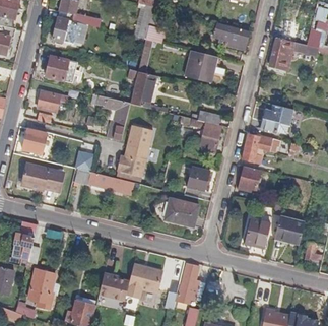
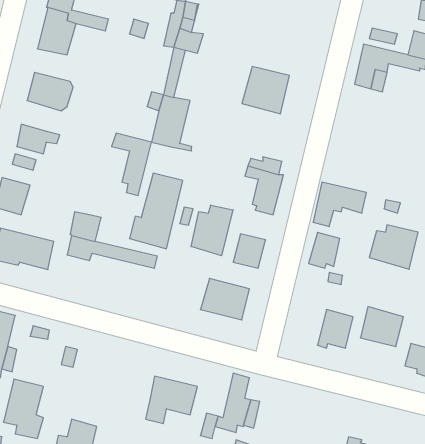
building: [214,22,249,49] -> none
building: [259,104,292,134] -> [369,225,418,269]
building: none -> [191,205,233,256]
building: [97,270,126,298] -> none

